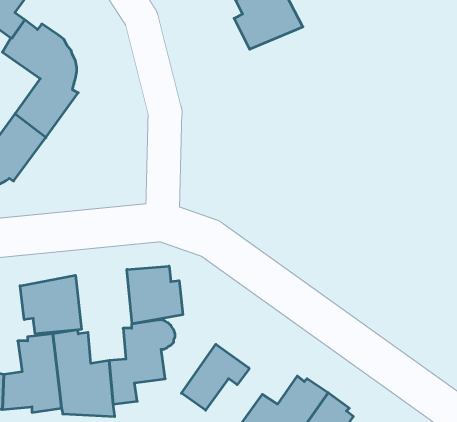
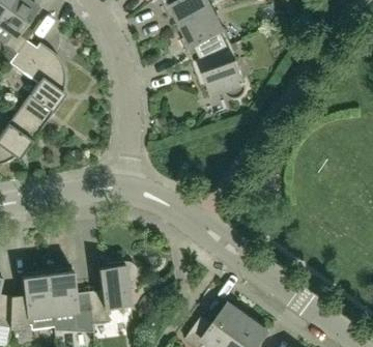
building: none -> [192,45,246,98]
building: [127,266,183,324] -> none
building: [20,275,81,334] -> none
building: [181,344,249,410] -> none

